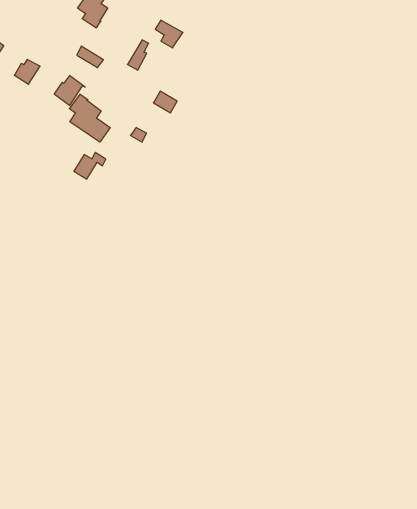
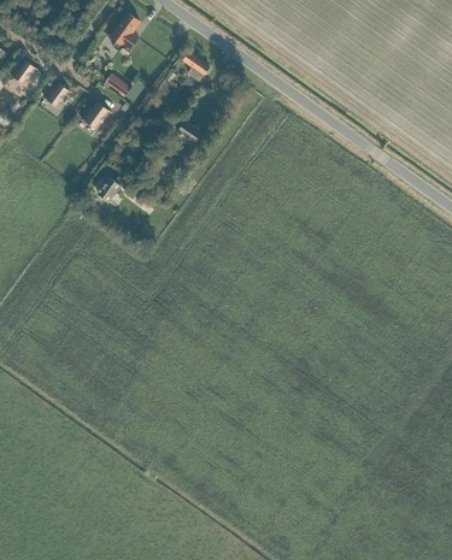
building: [69,94,110,142] -> none

